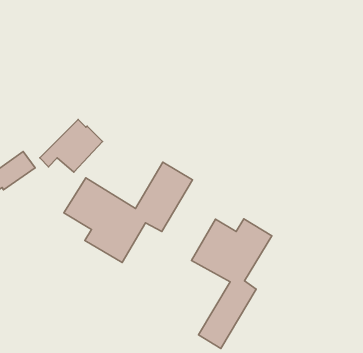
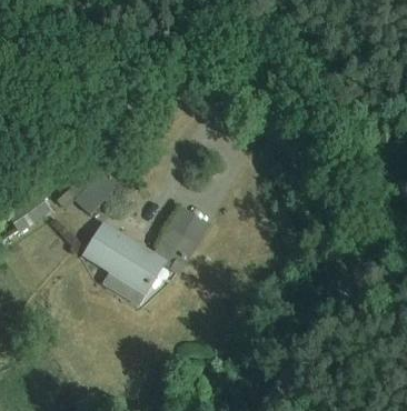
building: [192,219,272,348] -> none

